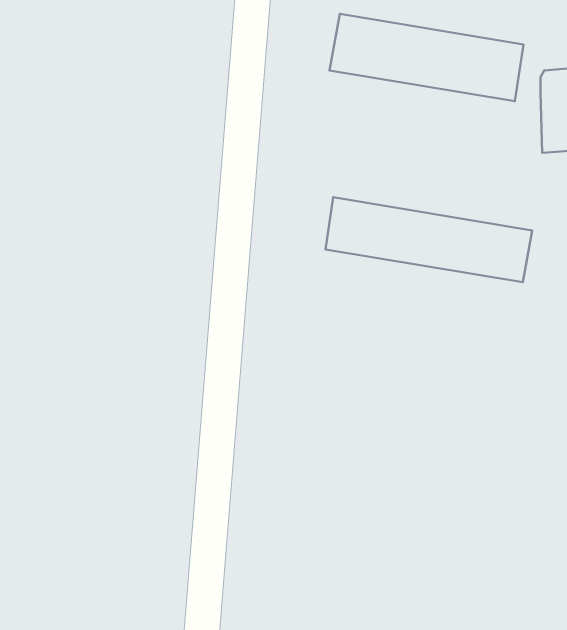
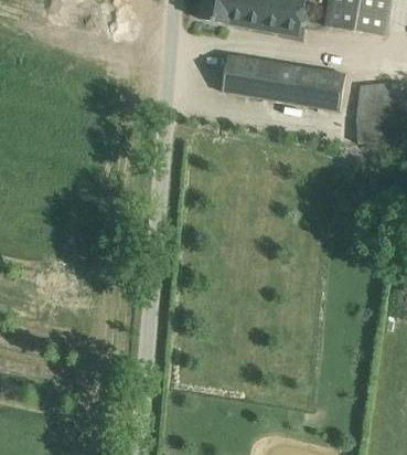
building: [325,197,532,282] -> none

